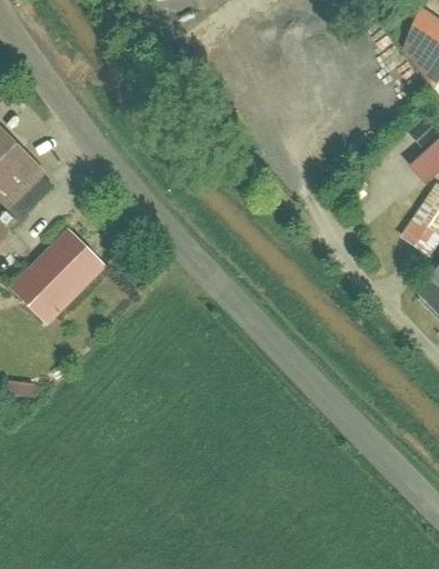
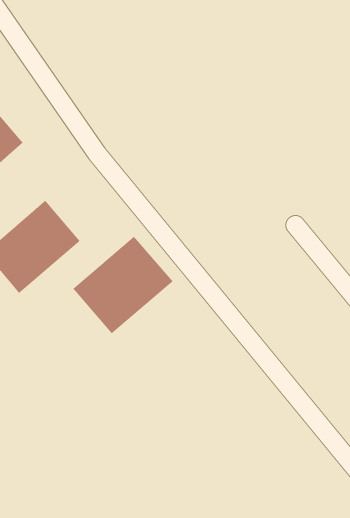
building: none -> [72,236,173,334]

